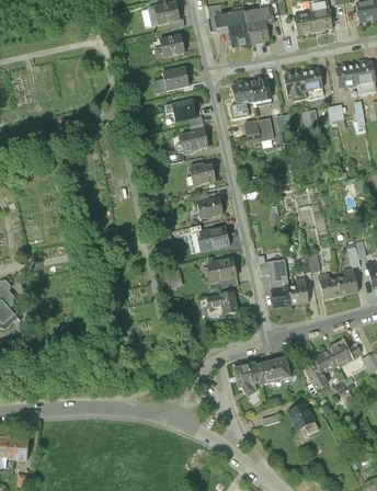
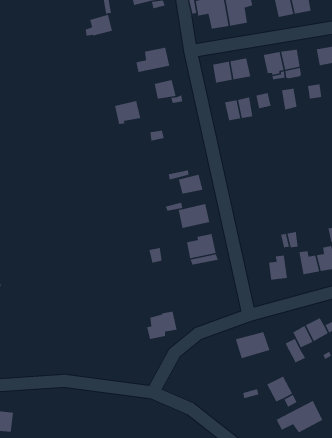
building: [156,33,184,56] -> [85,14,113,37]
building: [180,127,207,152] -> [114,100,141,125]
building: [188,161,215,185] -> none
building: [266,259,290,307] -> none
building: [205,290,237,320] -> [146,311,178,340]
building: [233,361,260,396] -> none
building: none -> [275,400,324,434]

